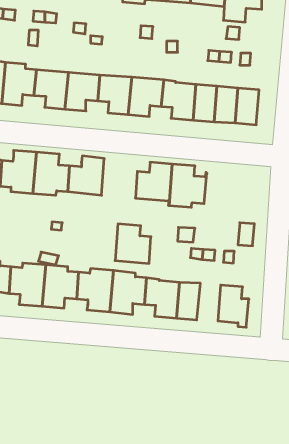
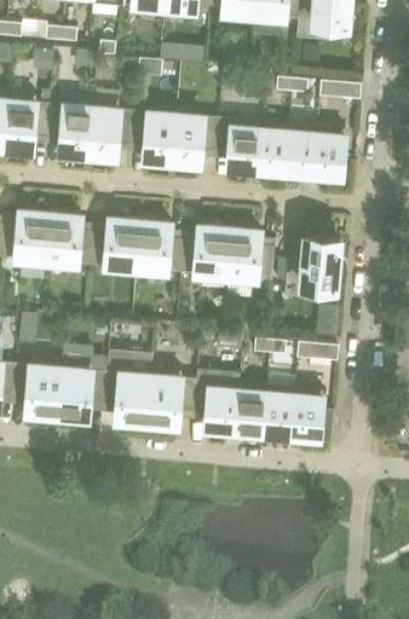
building: none -> [284,237,340,305]
building: [115,224,151,263] -> [137,224,184,276]
building: none -> [263,388,294,438]

